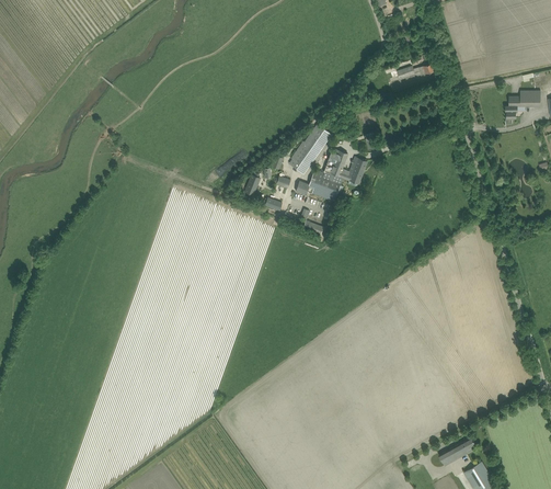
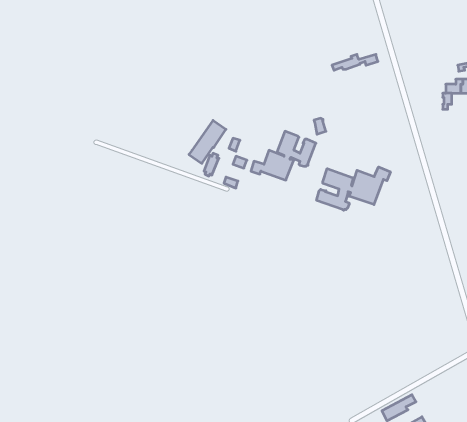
building: [288,127,329,174] -> [189,120,226,163]
building: none -> [317,167,390,210]

